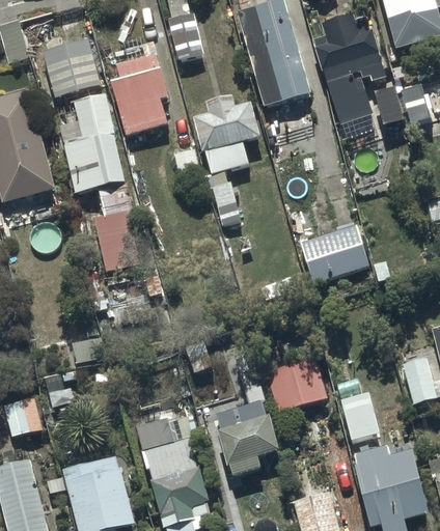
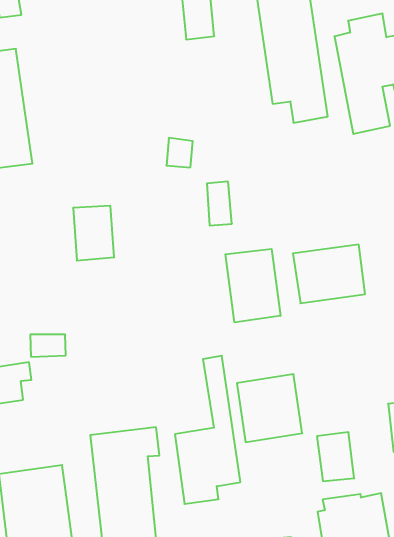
building: [43,39,99,96] -> none
building: [110,53,168,135] -> none
building: [192,94,260,172] -> none
building: [62,95,125,194] -> none
building: none -> [225,249,280,322]

